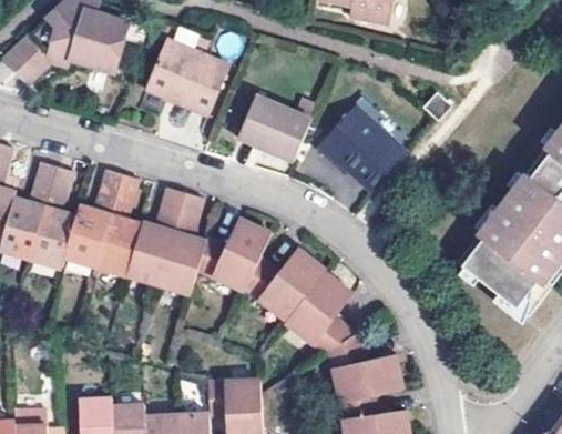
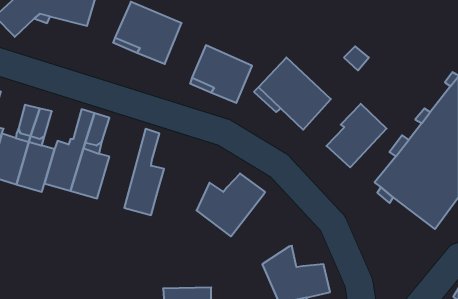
building: none -> [326,104,387,167]
building: [126,186,184,286] -> none
building: [197,218,270,291] -> none
building: [285,271,356,354] -> none

